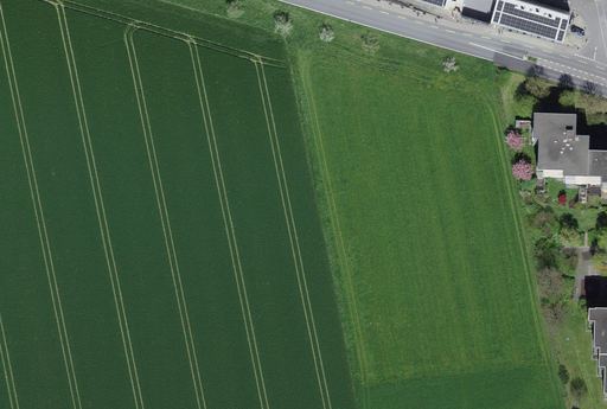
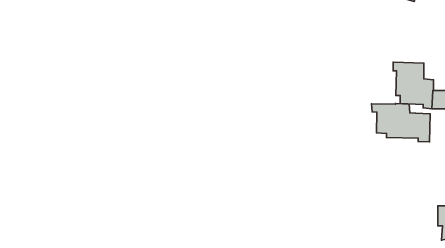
building: none -> [372,103,430,142]

